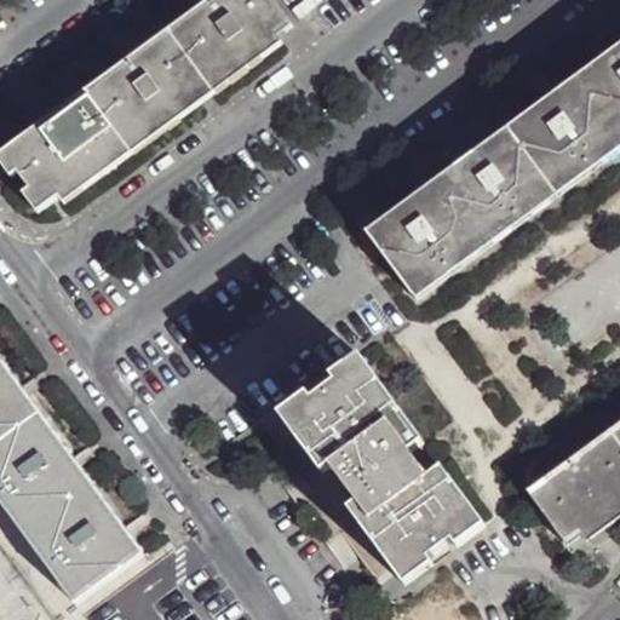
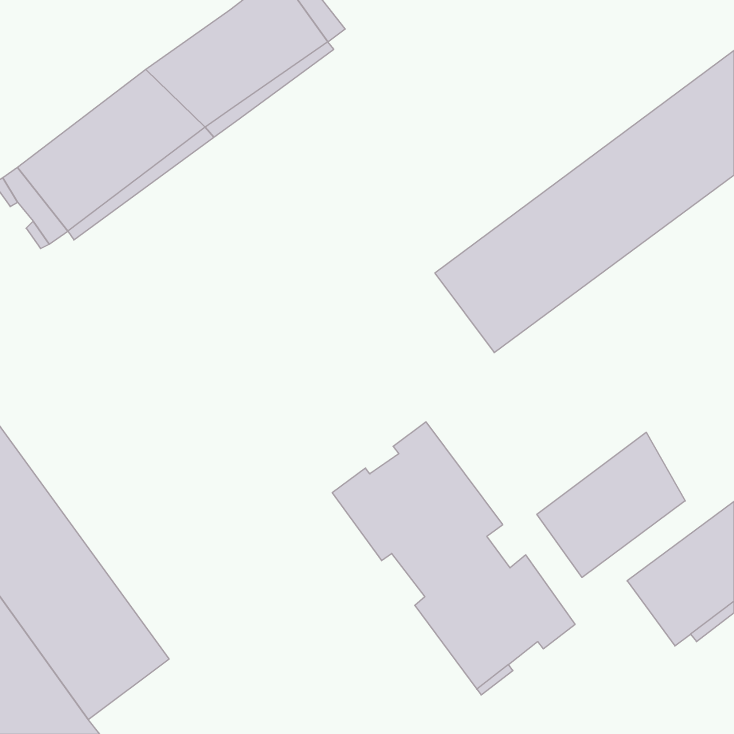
building: none -> [537,432,685,577]

